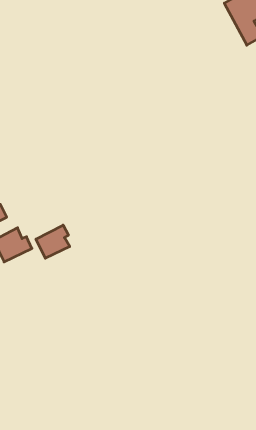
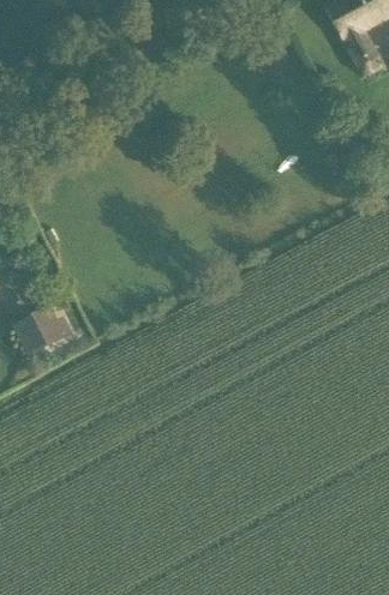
building: [36,225,70,258] -> none

